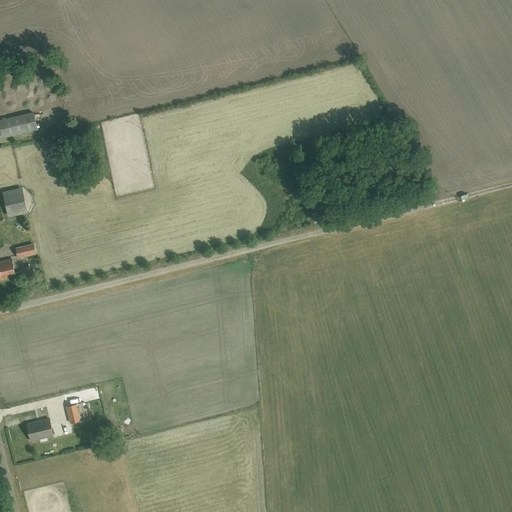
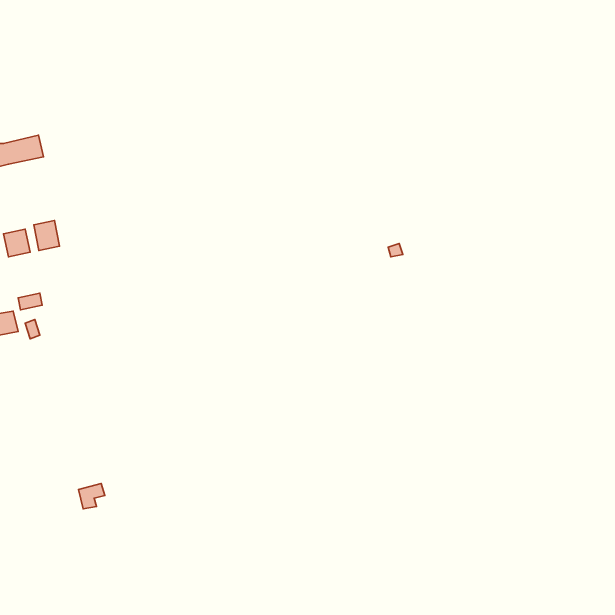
building: none -> [34,220,60,250]
building: [26,418,65,440] -> none

